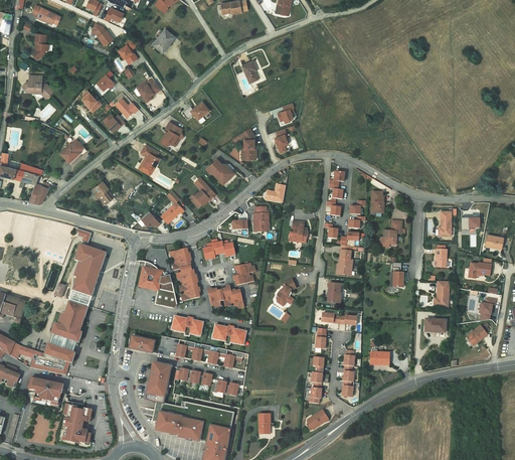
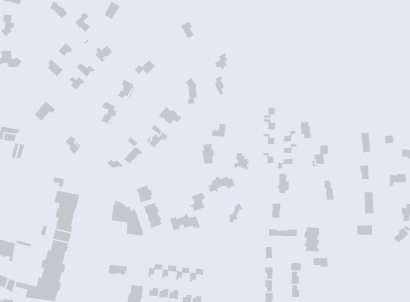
building: [202,239,235,259] -> [208,176,236,194]
building: none -> [304,227,320,252]
building: [172,315,202,336] -> none
building: [213,324,245,344] -> none

